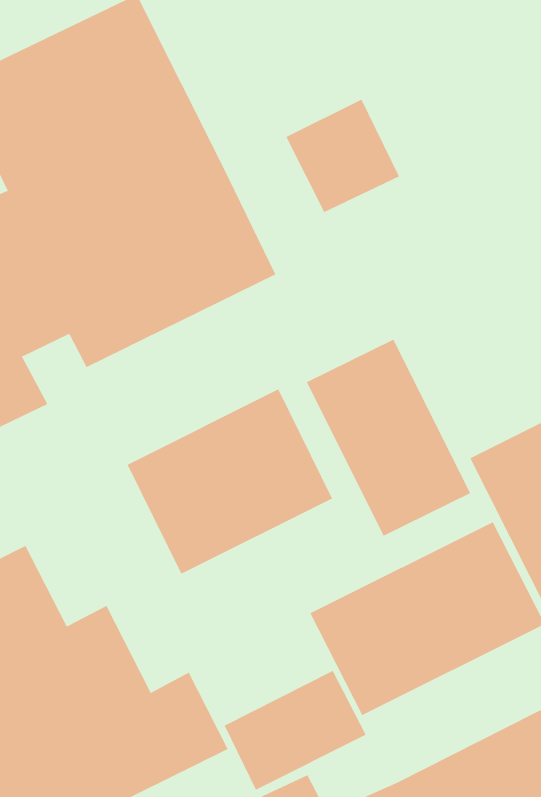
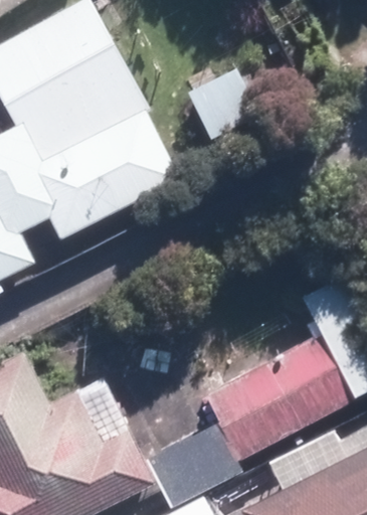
building: [306,339,471,537] -> none
building: [127,389,333,574] -> none

